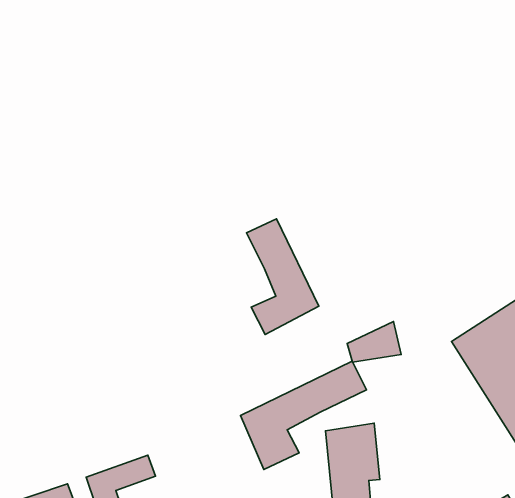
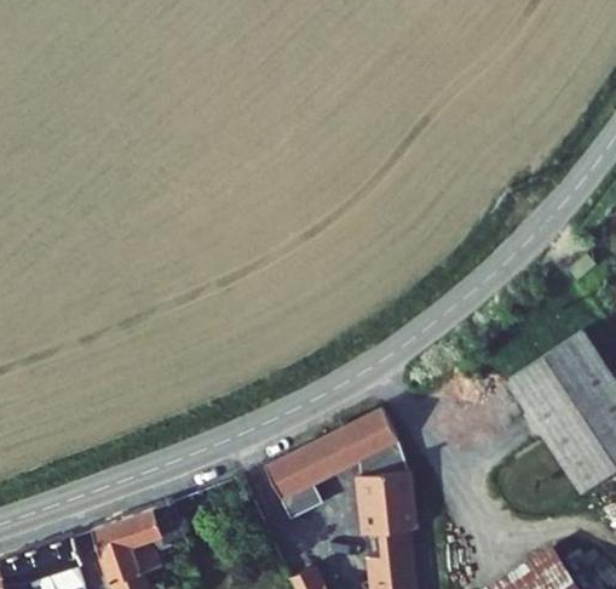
building: [246,219,319,335] -> none
building: [347,321,401,362] -> [355,438,414,482]

